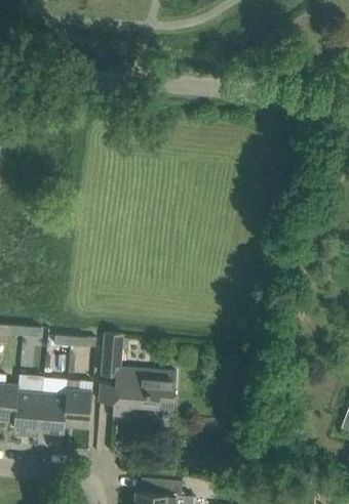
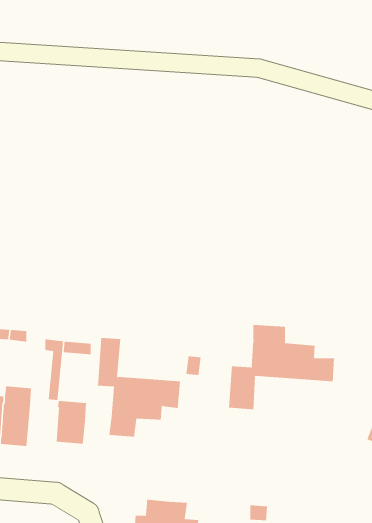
building: none -> [228,324,335,410]
building: [39,393,67,432] -> none

